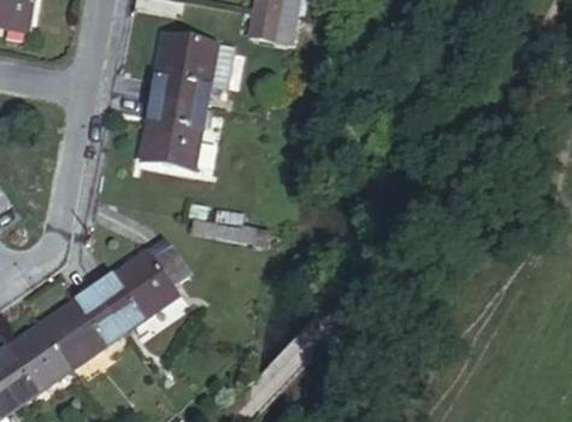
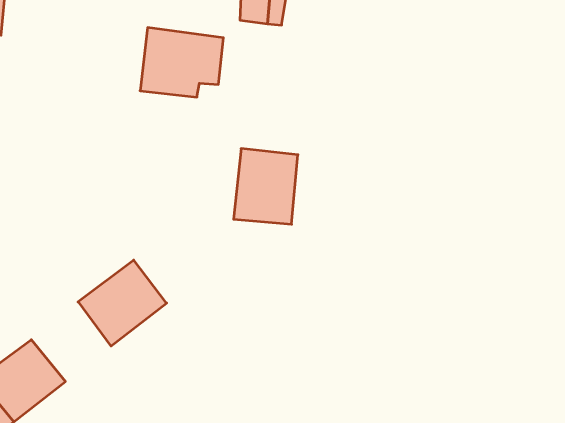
building: [145,87,206,159] -> [234,149,298,224]
building: [48,288,124,364] -> none

